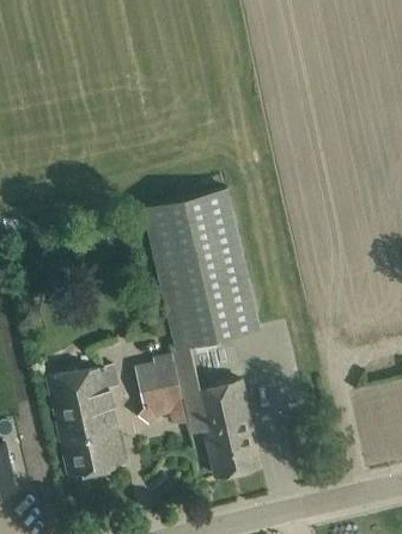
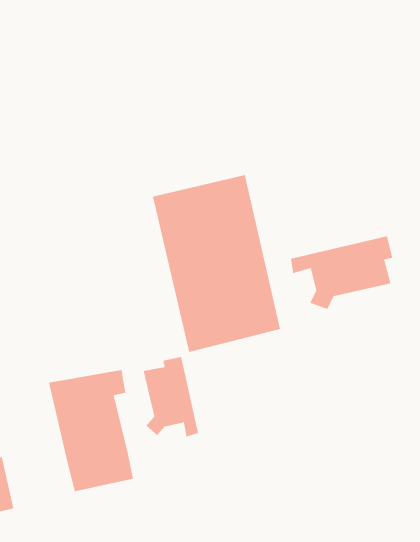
building: none -> [291,236,393,310]
building: [173,348,262,478] -> none

